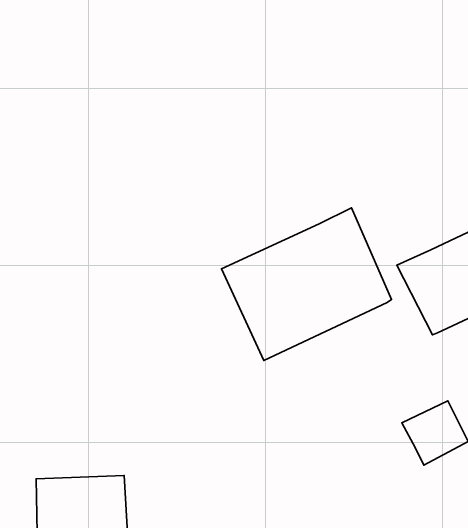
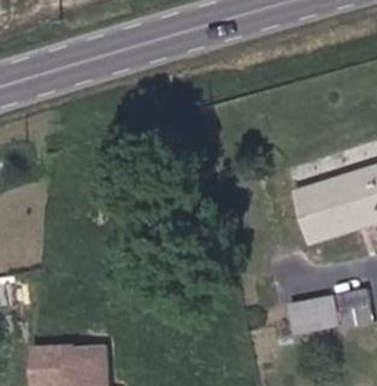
building: [222,208,391,360] -> none

